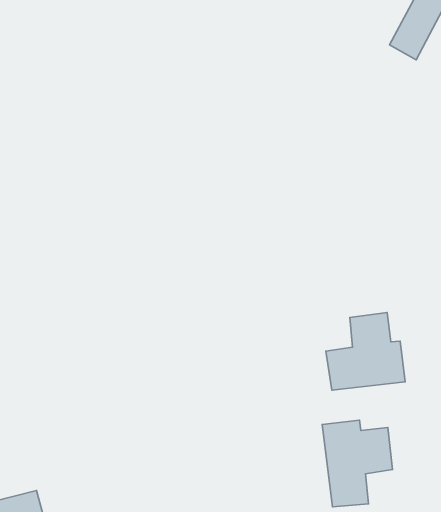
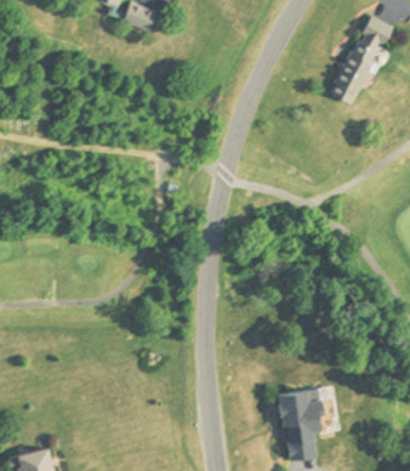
building: [326,312,405,390] -> none

